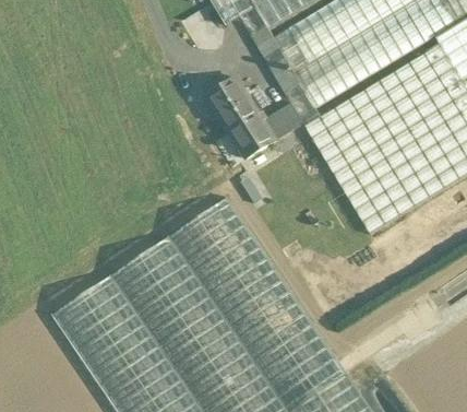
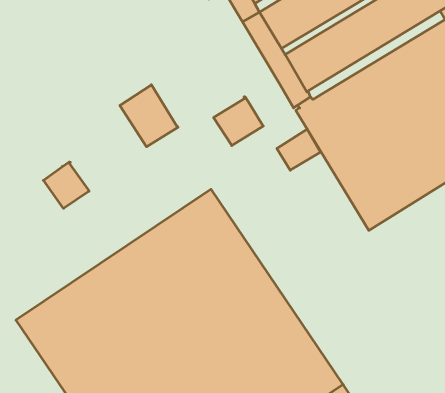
building: [207,78,260,133] -> [120,85,178,147]
building: [264,104,303,141] -> [277,129,321,170]
building: none -> [43,162,89,208]

